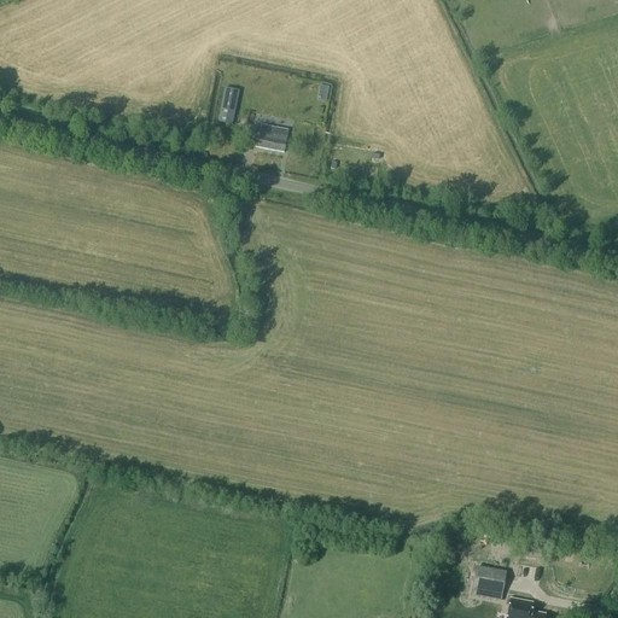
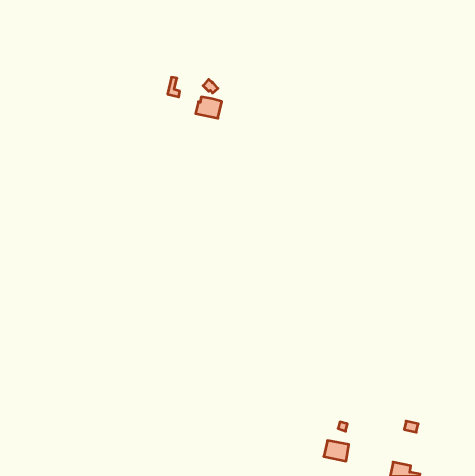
building: [473,569,506,595] -> [324,441,349,461]

